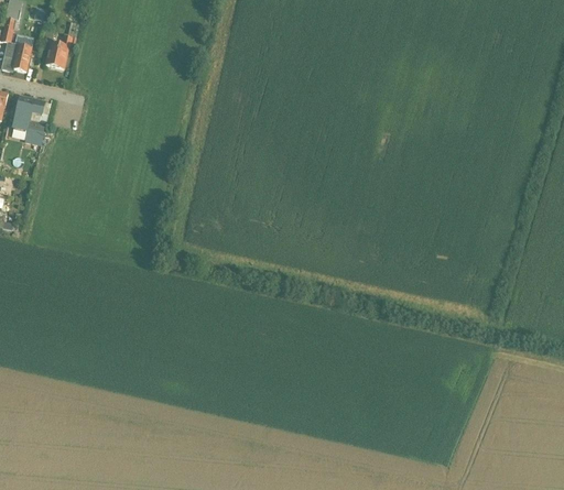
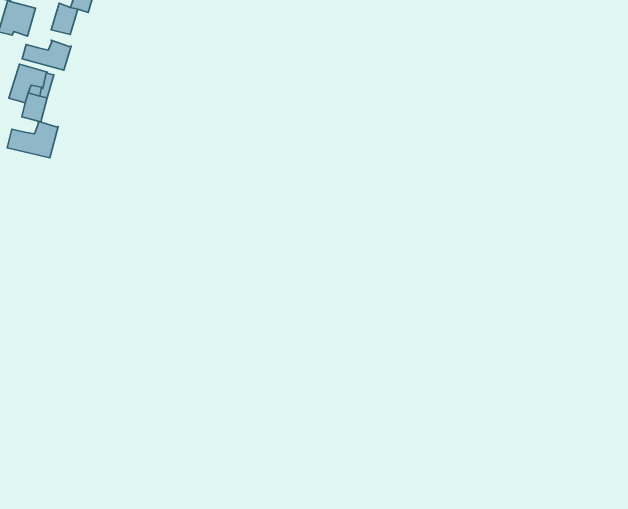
building: none -> [22,40,71,70]
building: none -> [7,121,58,158]

